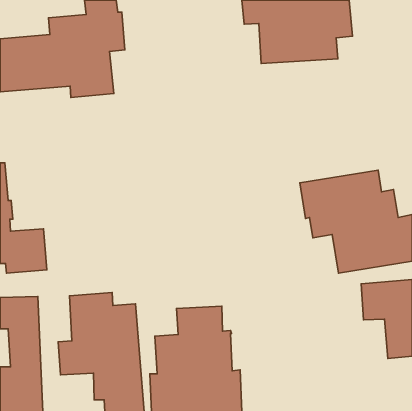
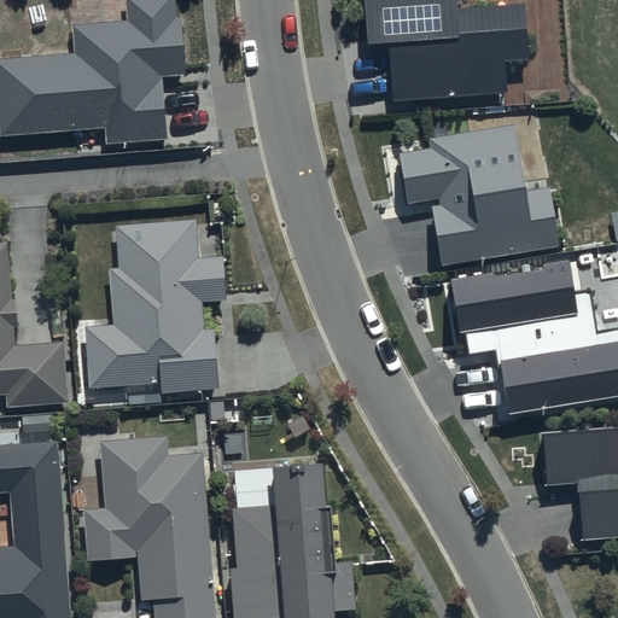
building: none -> [398,121,558,263]
building: none -> [88,223,227,395]

